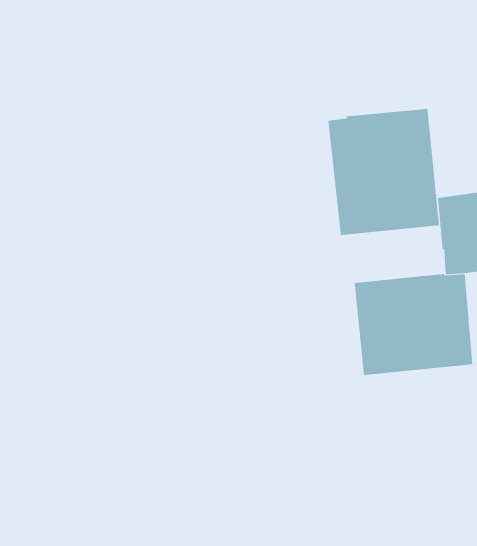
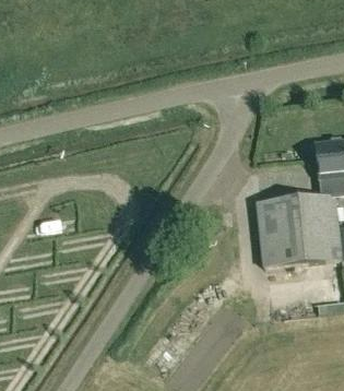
building: [328,108,440,236] -> none

